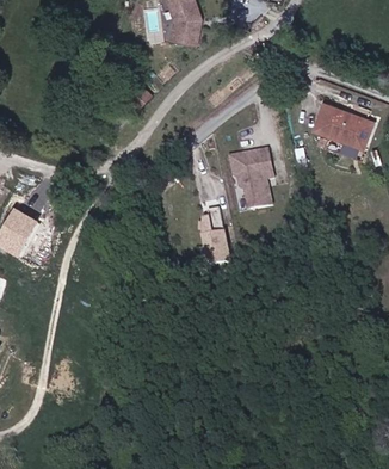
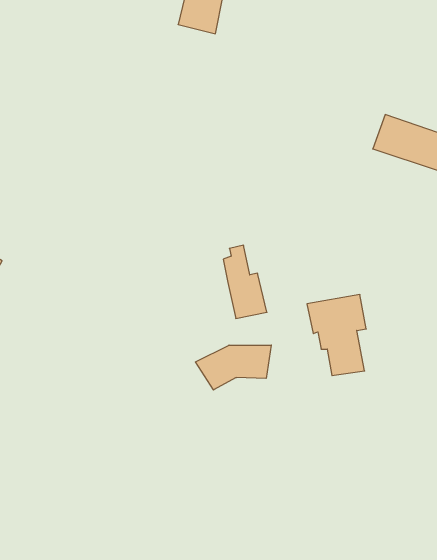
building: [228,147,273,209] -> [307,295,366,376]
building: none -> [195,345,271,390]

